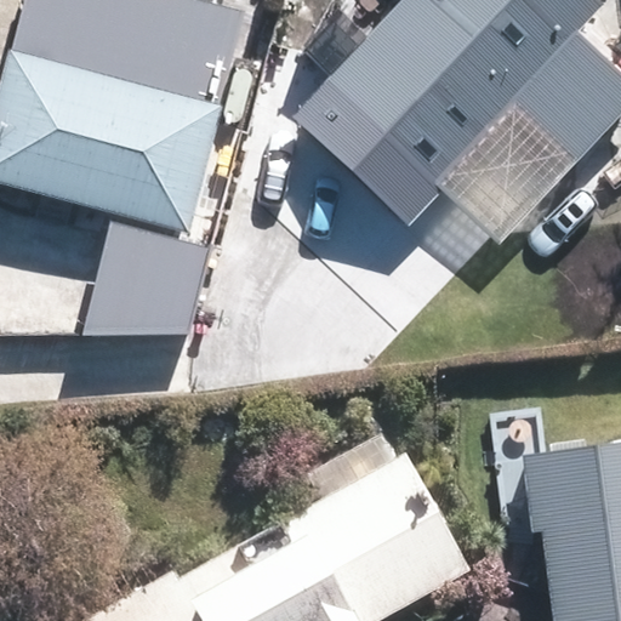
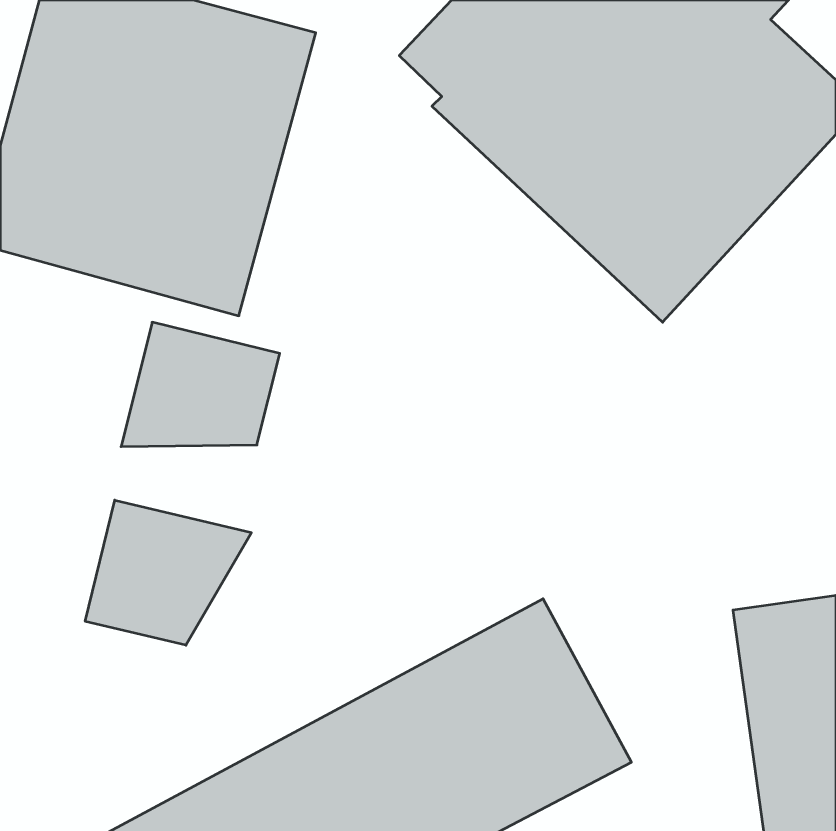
building: none -> [85,500,251,645]

